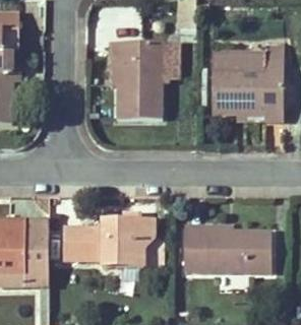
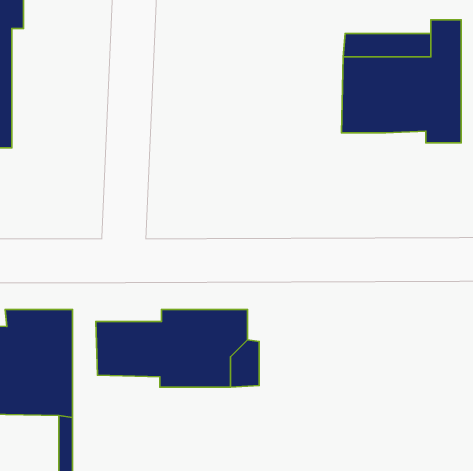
building: [111,43,178,119] -> none
building: [184,225,273,272] -> none

